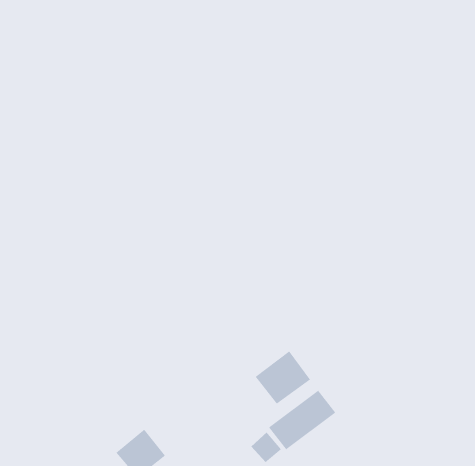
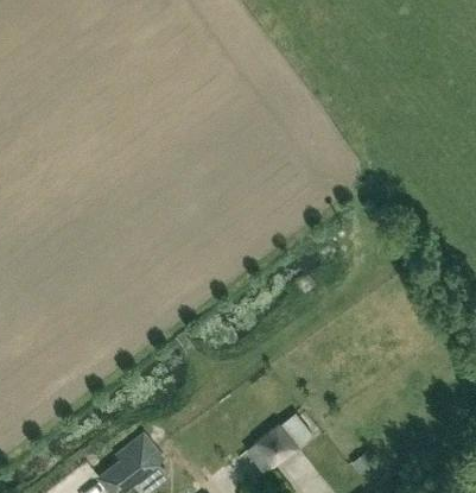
building: [255,350,311,405] -> none

